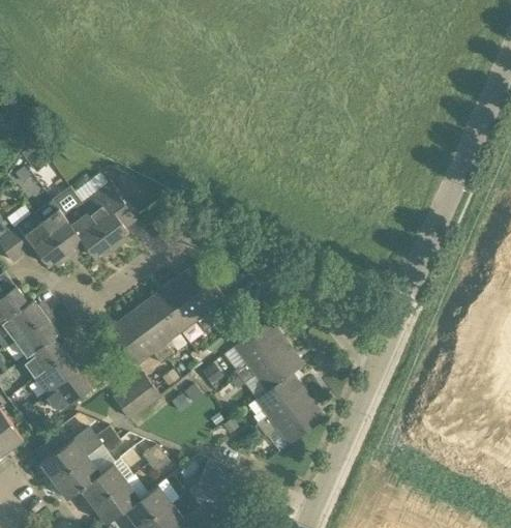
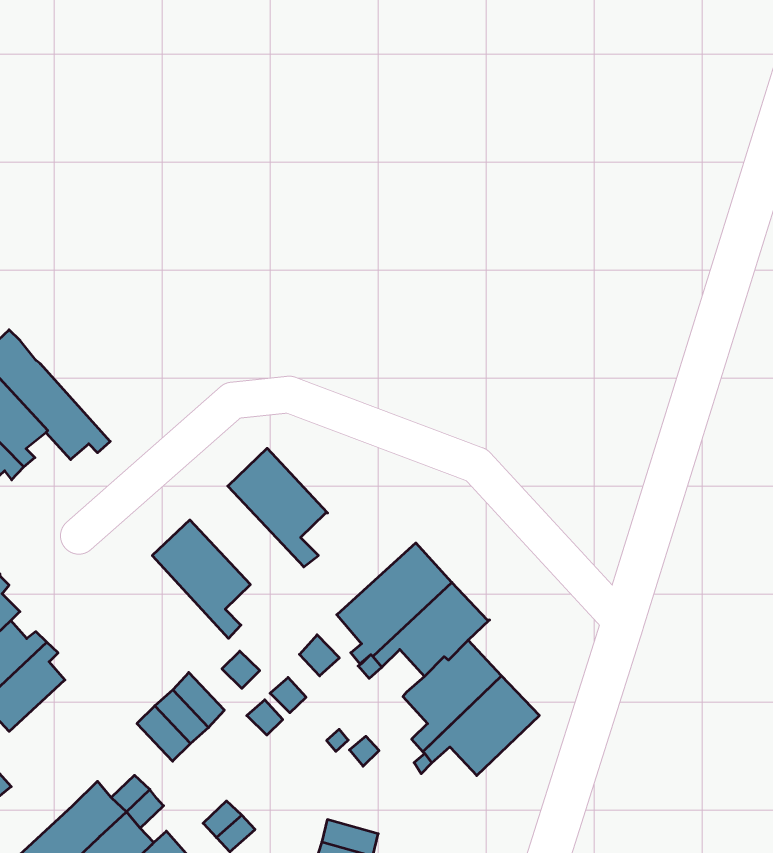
building: [73,180,128,250] -> none
building: [152,280,209,332] -> none
building: [108,312,166,365] -> none
building: [46,372,91,413] -> none

